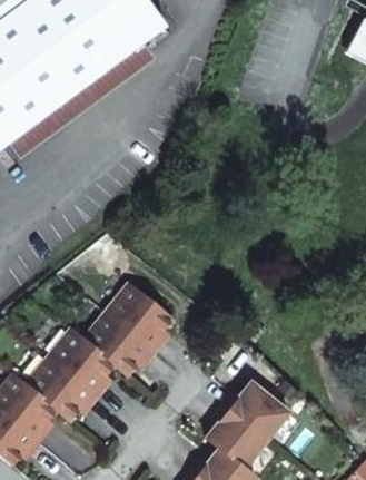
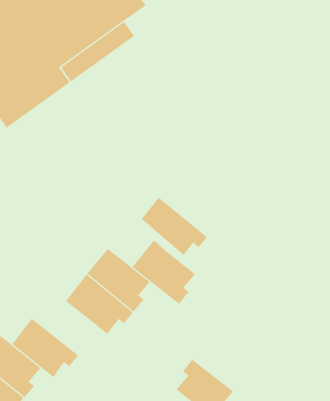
building: none -> [141,197,208,256]
building: [49,329,117,396] -> [132,240,196,305]
building: [218,376,284,434] -> none

